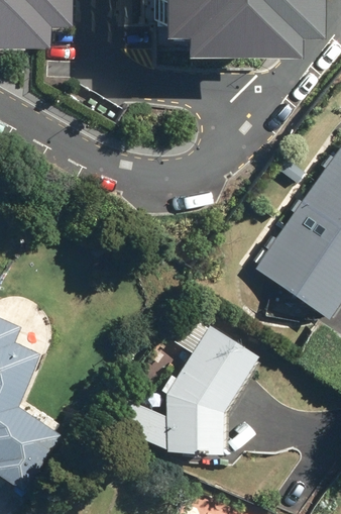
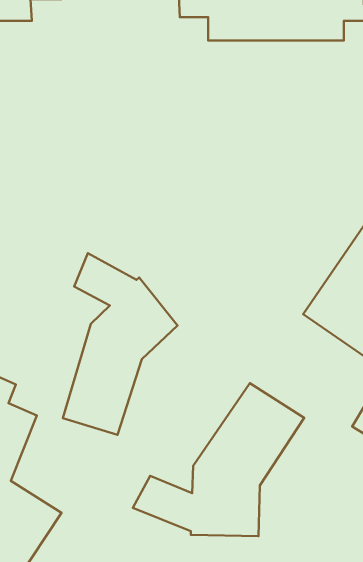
building: none -> [63,253,178,435]

